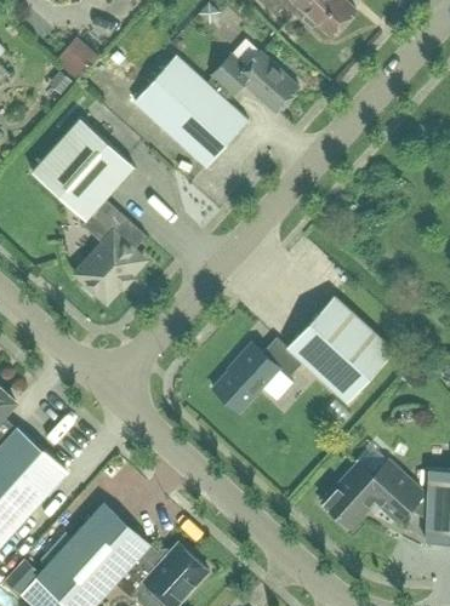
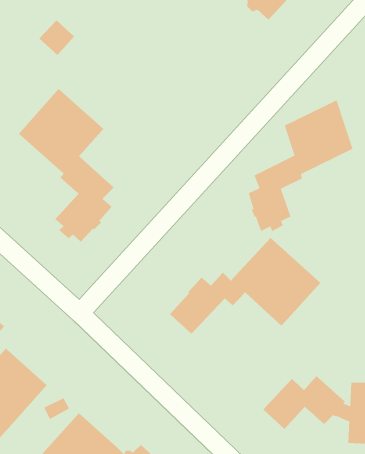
building: [133,52,300,167] -> none
building: none -> [248,99,353,232]

